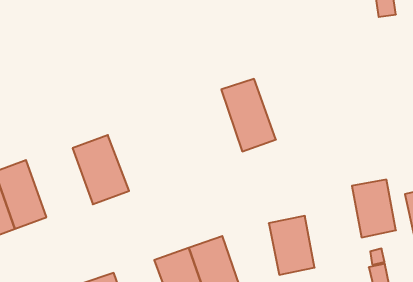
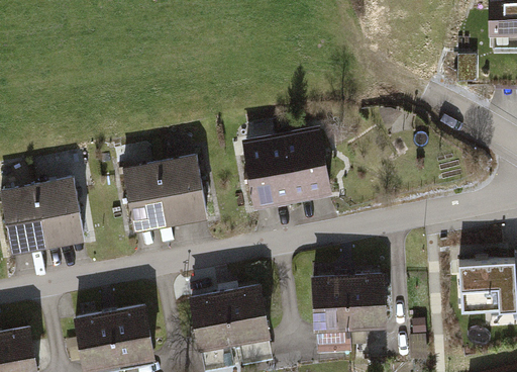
building: none -> [243,133,296,207]
building: none -> [161,156,207,223]
building: [352,180,396,237] -> [350,275,389,331]

